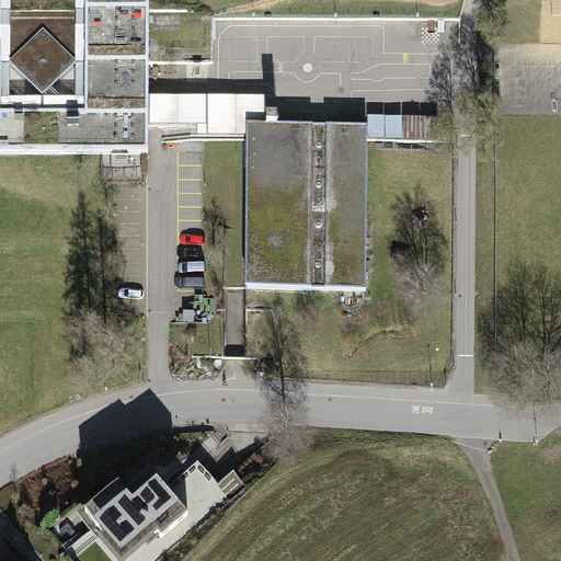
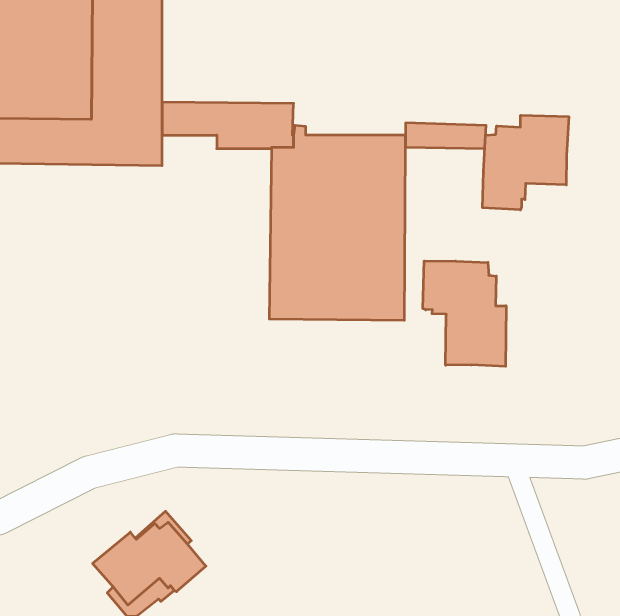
building: none -> [483,115,569,210]
building: none -> [423,261,506,366]

